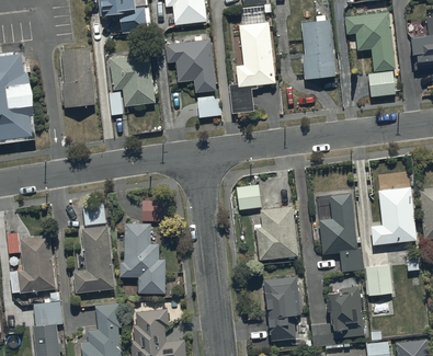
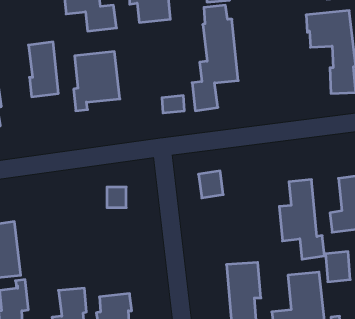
building: [300,20,335,85] -> none
building: [167,37,216,96] -> none
building: [73,200,114,290] -> none
building: [255,204,298,257] -> none
building: [119,220,164,290] -> none

